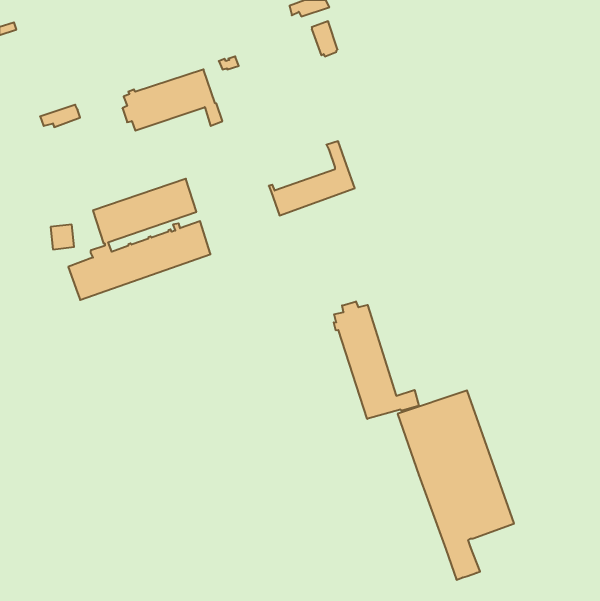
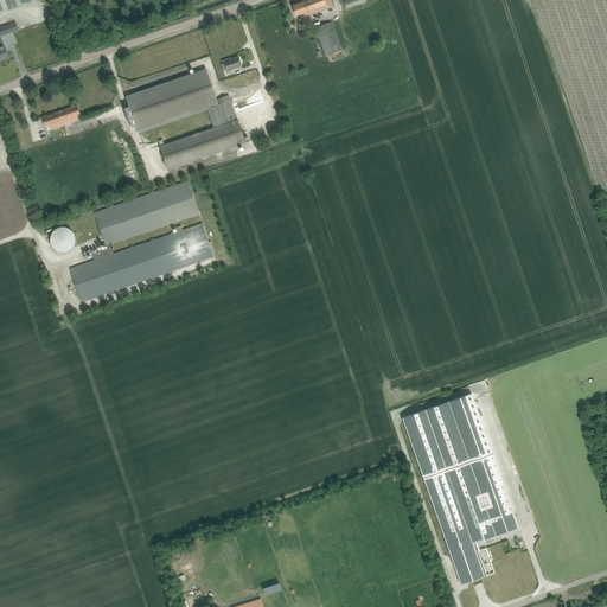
building: [269,141,355,215] -> [158,96,244,171]
building: [334,301,419,419] -> none

